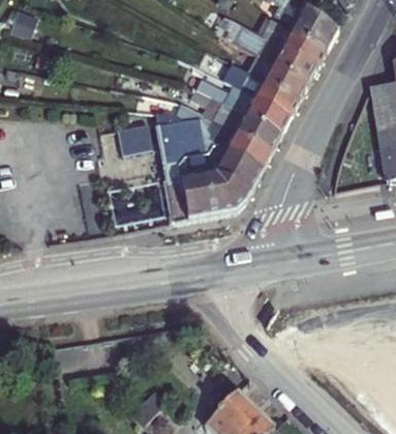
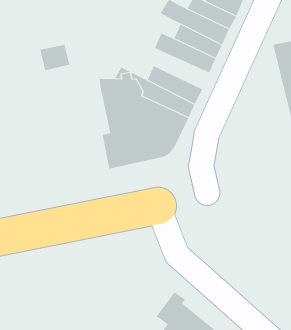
building: [200,81,290,136] -> none
building: [119,124,154,154] -> [40,44,70,71]

